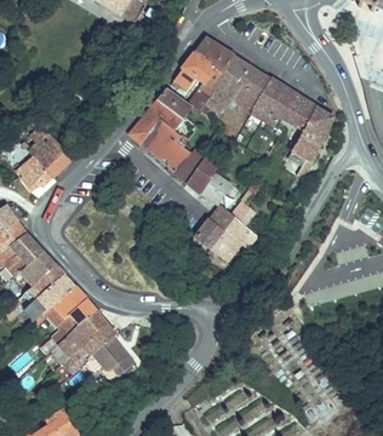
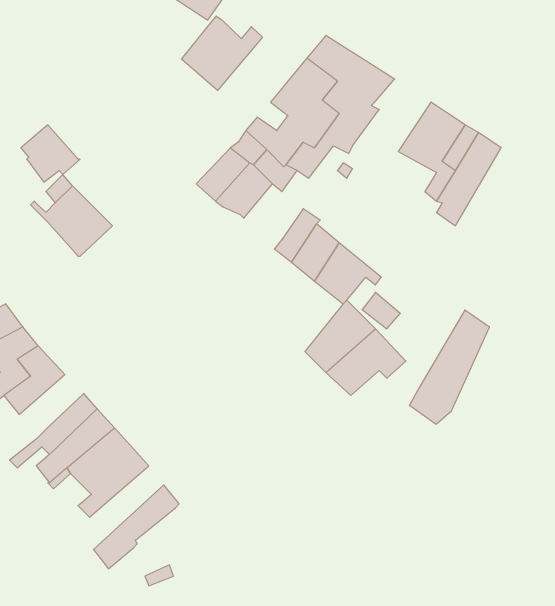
building: none -> [181,16,262,90]
building: [225,64,275,111] -> none
building: [285,108,336,180] -> [409,310,489,424]
building: [156,131,194,166] -> none
building: [15,155,52,191] -> [21,125,80,182]
building: [11,252,55,285] -> none
building: [47,310,105,365] -> none
building: [86,337,133,375] -> none

